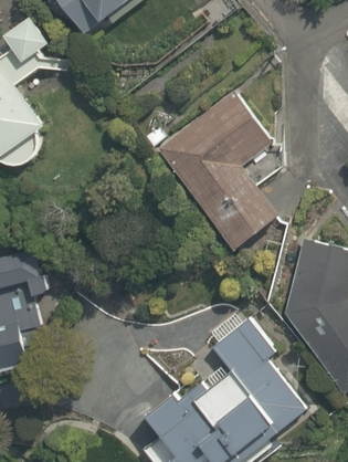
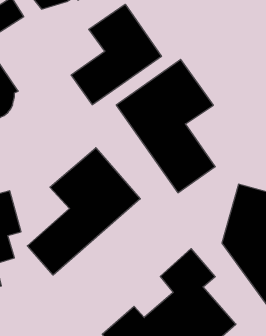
building: none -> [71,4,161,105]
building: none -> [27,148,140,275]

